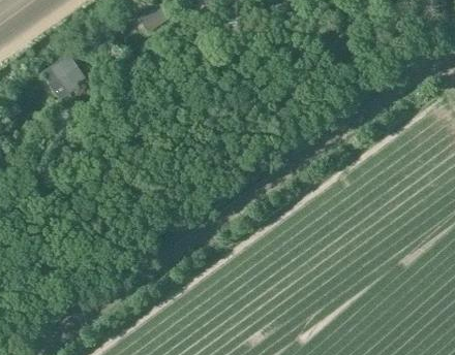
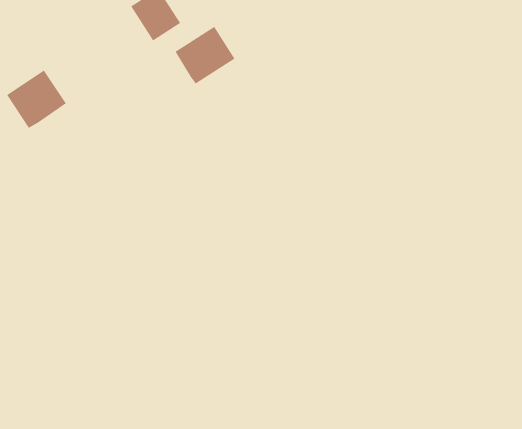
building: none -> [175,26,236,84]

